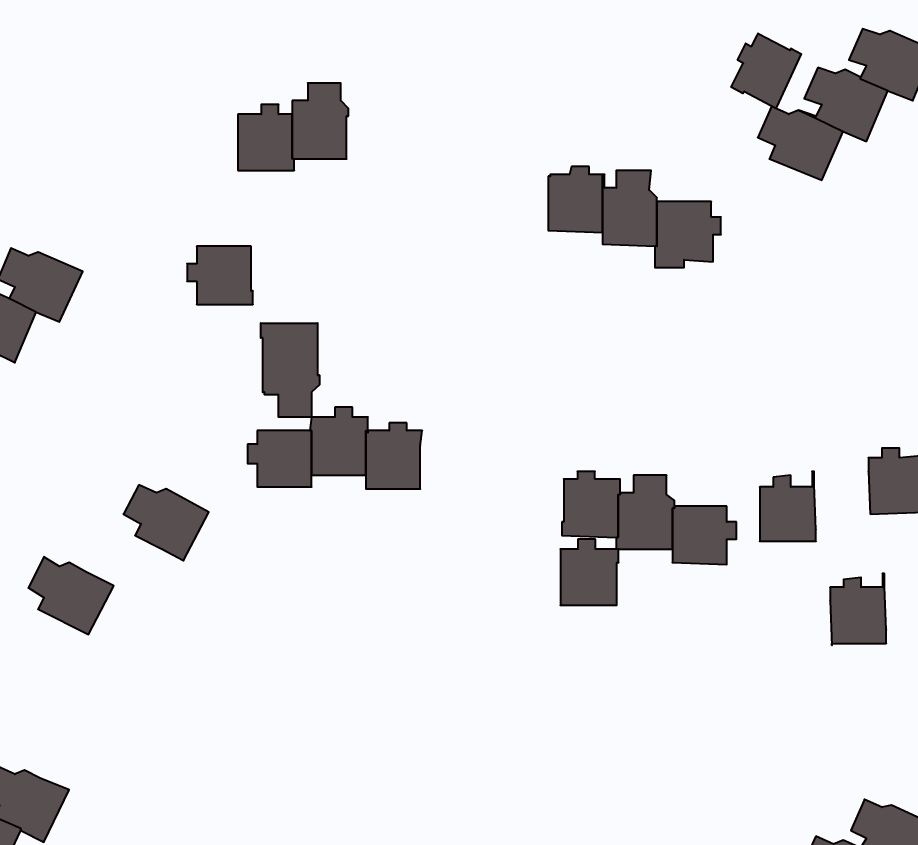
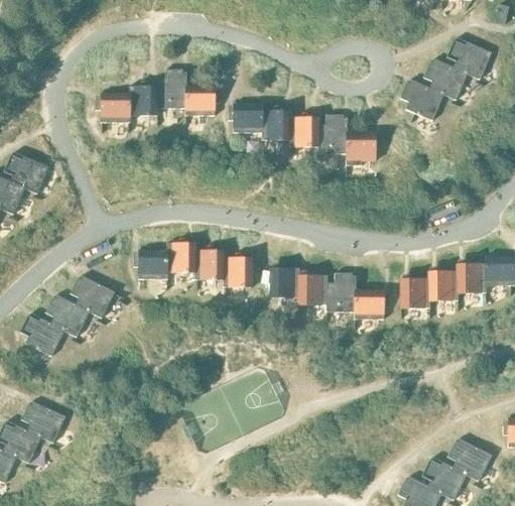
building: [731,33,801,108] -> none
building: none -> [185,86,220,115]
building: none -> [228,103,291,140]
building: [187,246,253,304] -> [96,92,130,122]
building: [261,323,319,417] -> none
building: none -> [224,253,252,287]
building: none -> [44,297,90,337]
building: [560,539,619,605] -> [269,263,299,297]
building: [830,574,886,645] -> [428,264,458,301]
building: none -> [20,404,65,442]

